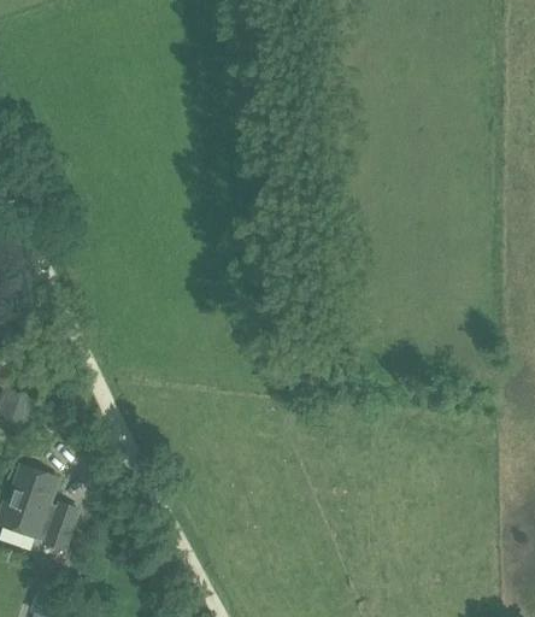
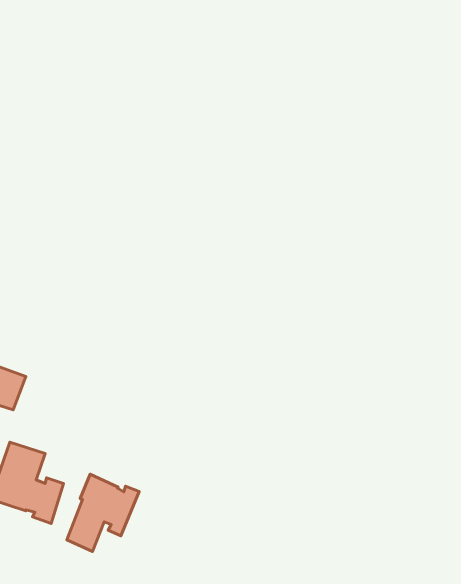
building: none -> [67,474,139,552]

